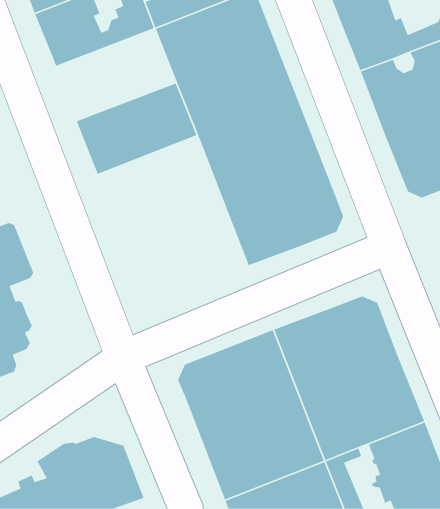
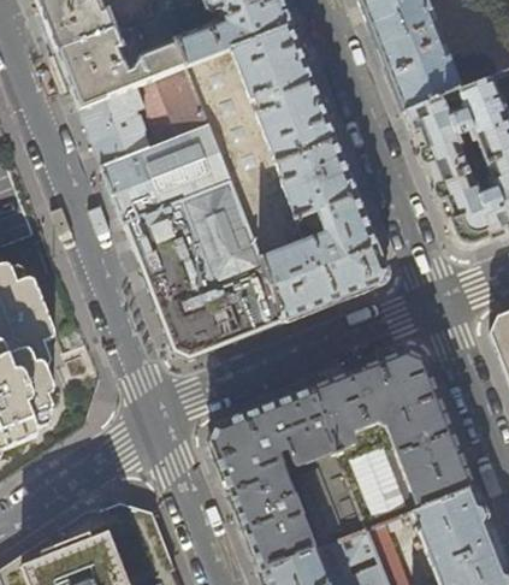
building: none -> [81,67,209,166]
building: none -> [125,182,286,359]

